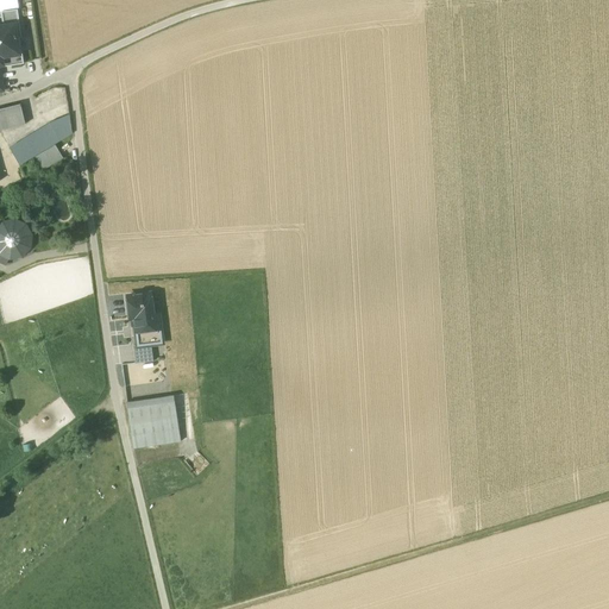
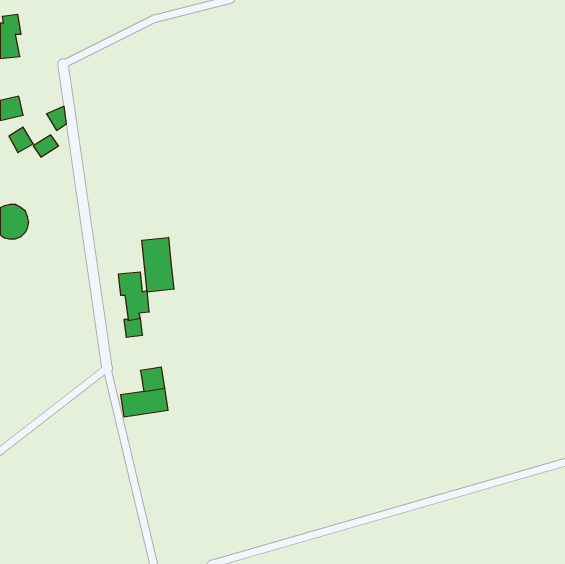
building: [25,123,61,155] -> none
building: none -> [142,237,174,292]
building: [126,398,155,425] -> none

